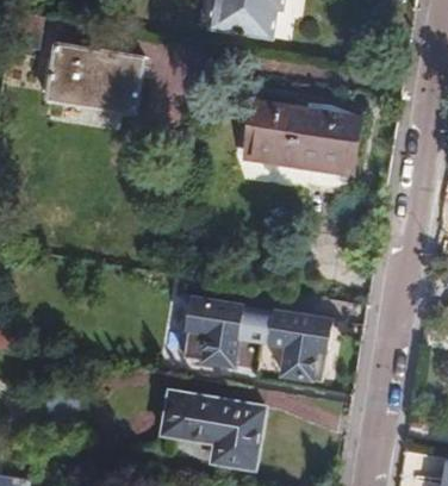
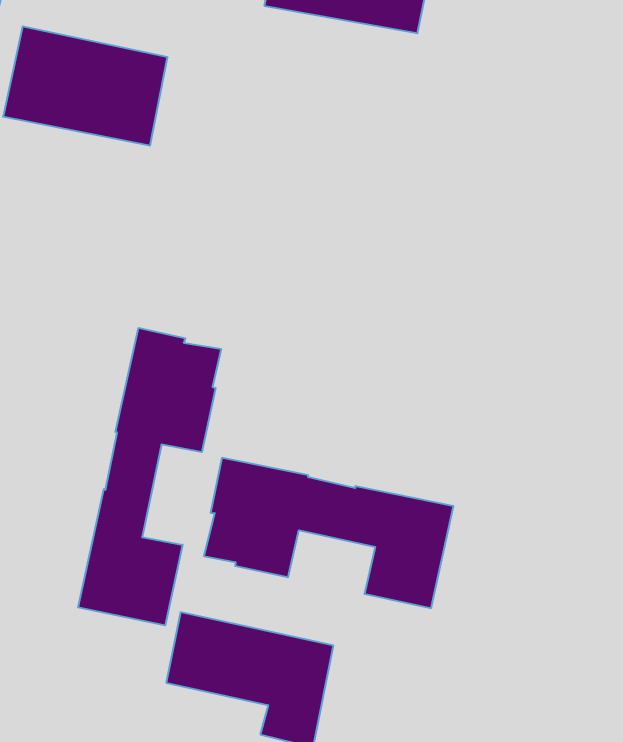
building: [247,104,359,173] -> none
building: none -> [78,328,221,625]

